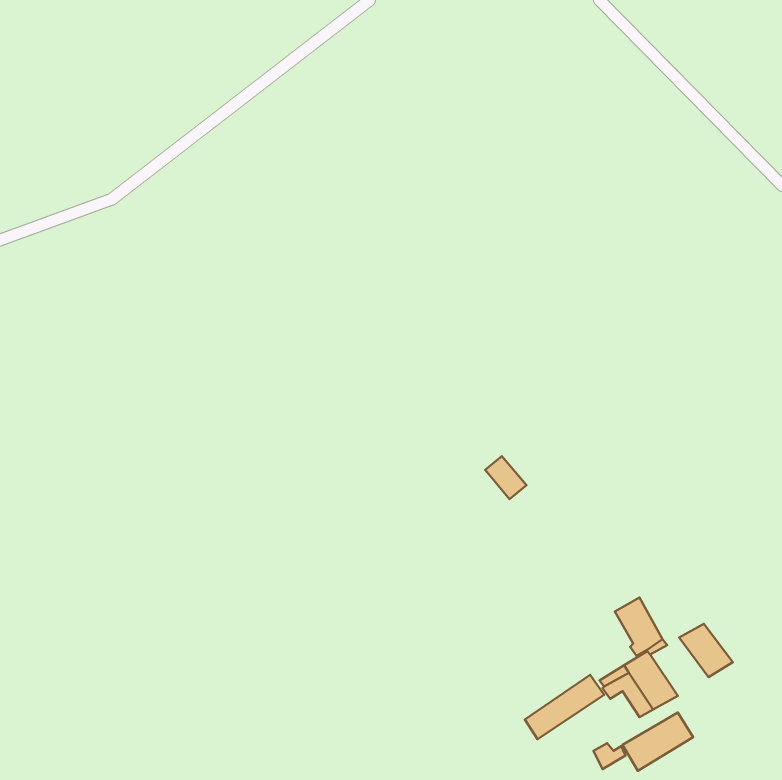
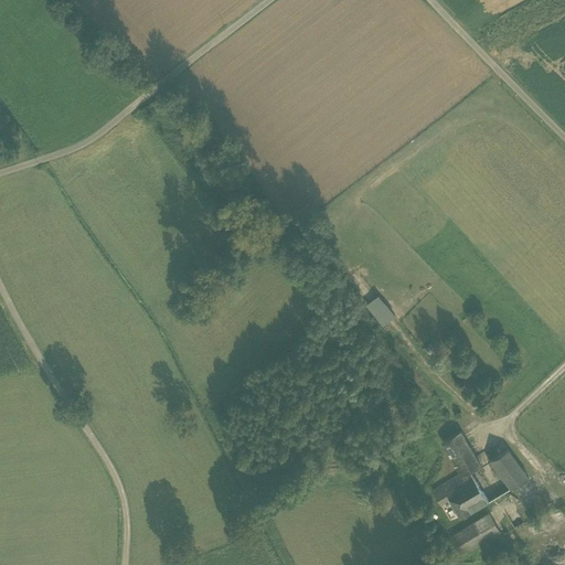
building: [485,456,526,499] -> [365,295,395,326]
building: [525,675,604,739] -> none

